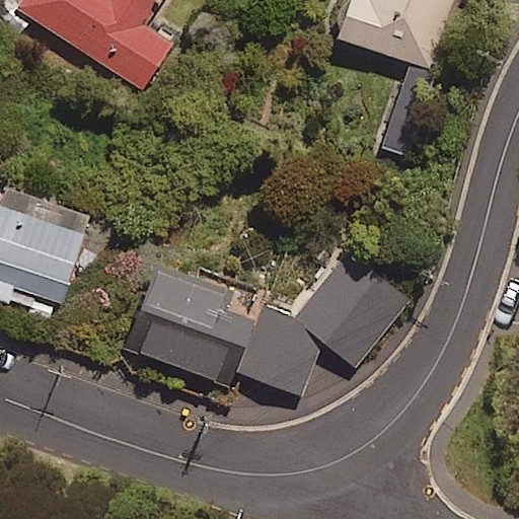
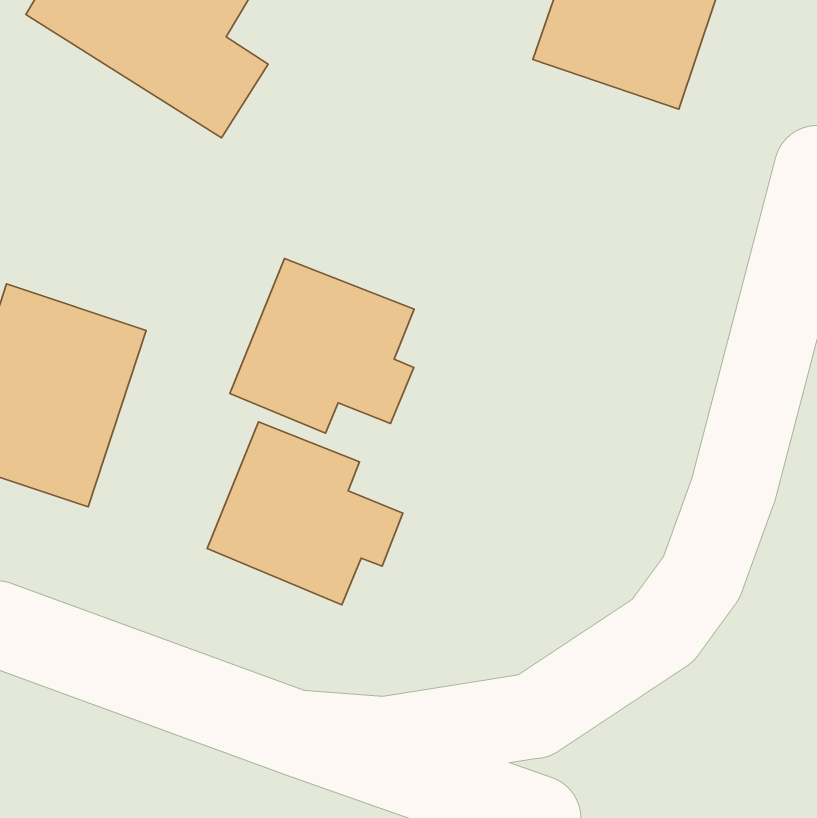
building: none -> [230,258,414,433]
building: [245,250,409,396] -> none

